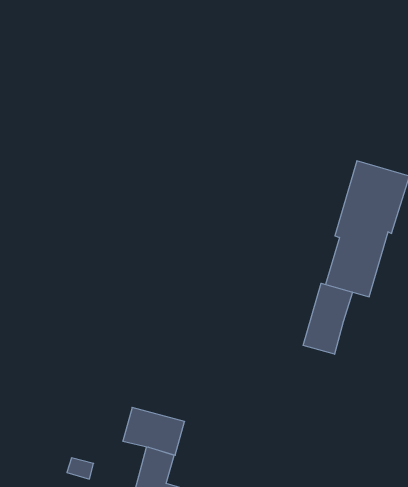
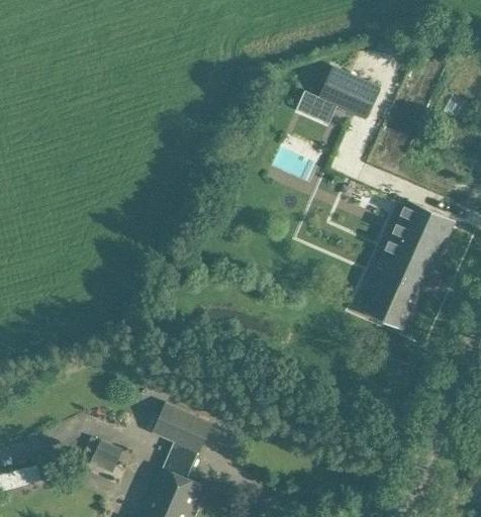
building: none -> [313,68,377,126]
building: [303,283,352,354] -> none

